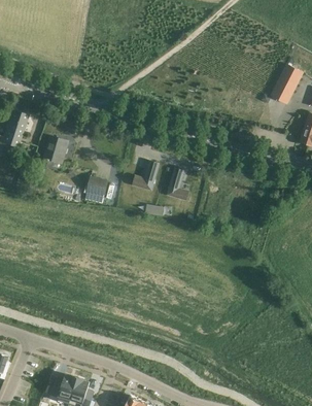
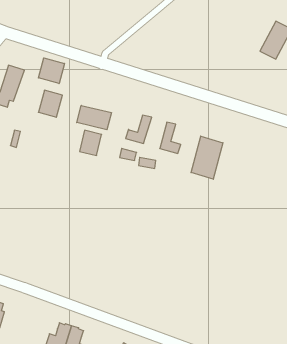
building: none -> [38,58,64,84]
building: none -> [77,105,111,130]
building: none -> [191,136,223,179]

